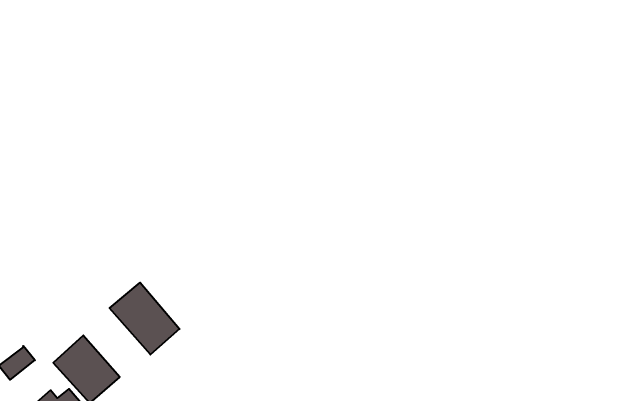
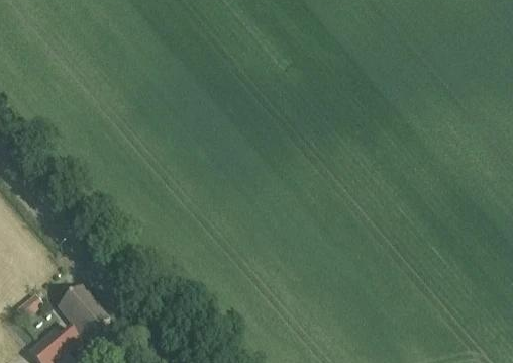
building: [110,283,180,355] -> none

